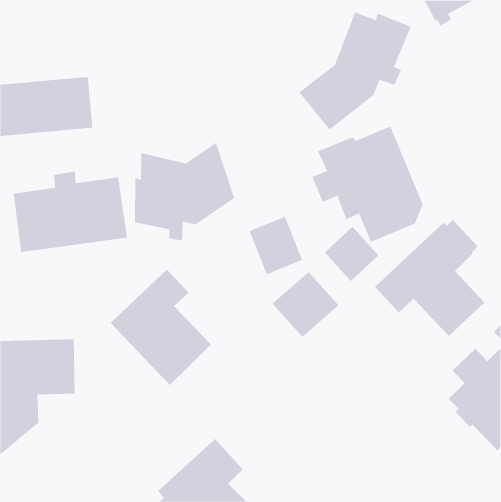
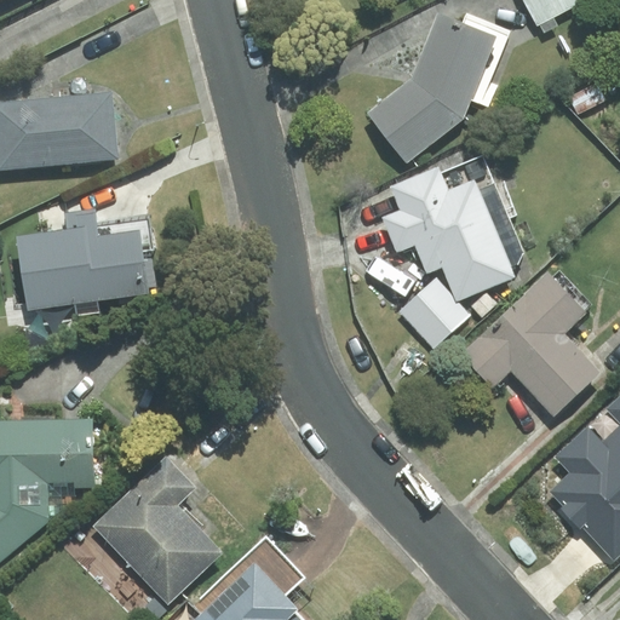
building: [135,142,235,241] -> none
building: [249,216,303,275] -> none
building: [110,269,212,386] -> [93,459,219,603]
building: [272,271,339,338] -> none

